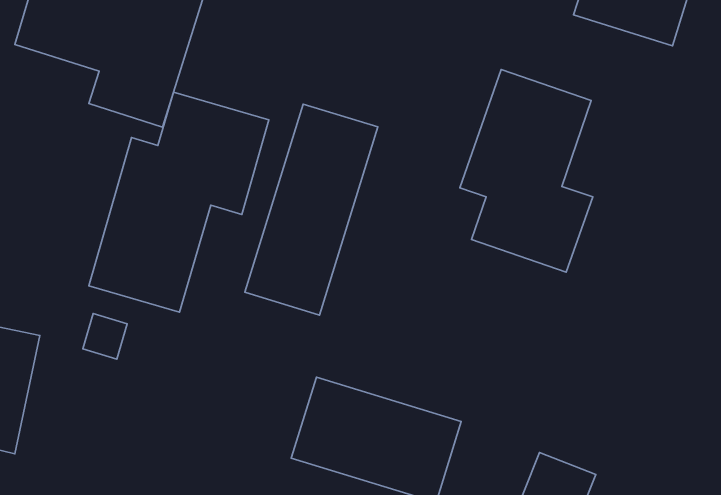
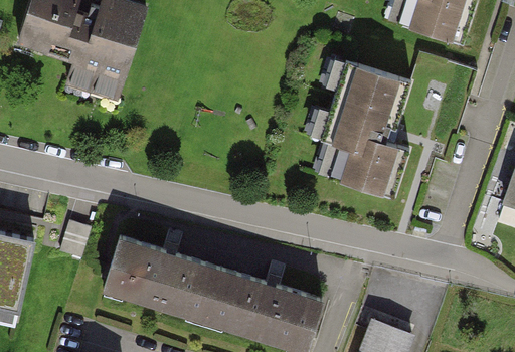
building: [89,92,269,312] -> none
building: [245,104,378,315] -> none
building: none -> [101,236,222,324]

